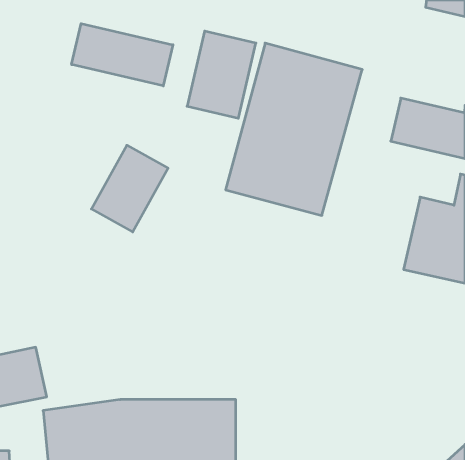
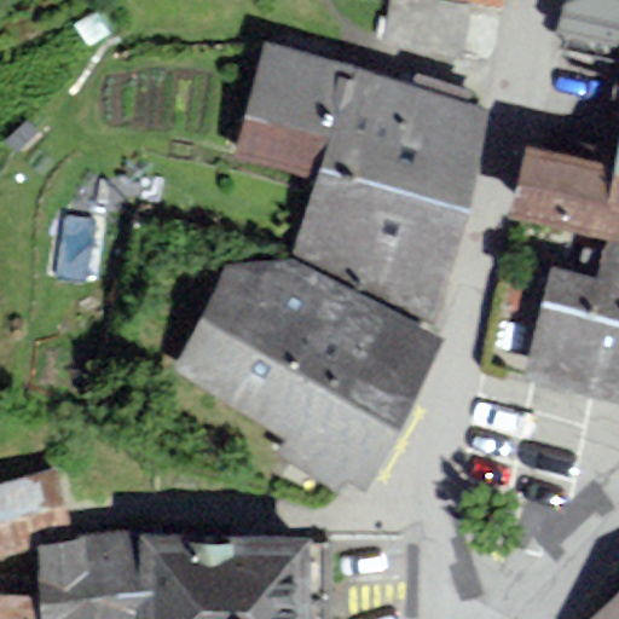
building: [72,24,173,86] -> none
building: [91,145,168,232] -> none
building: none -> [199,256,412,458]

